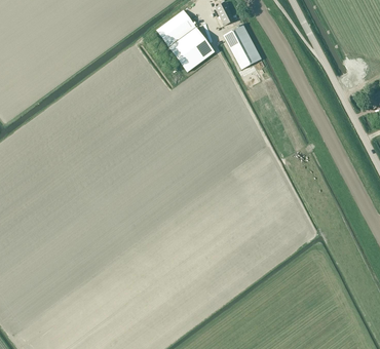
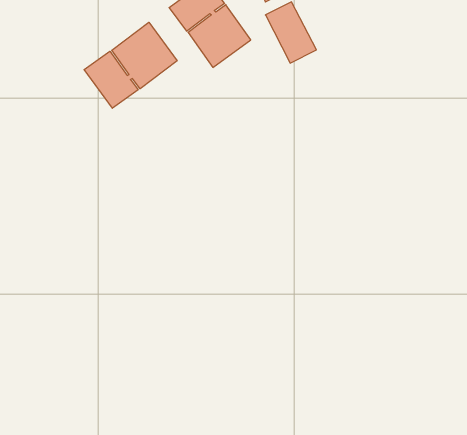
building: none -> [84,22,177,108]

